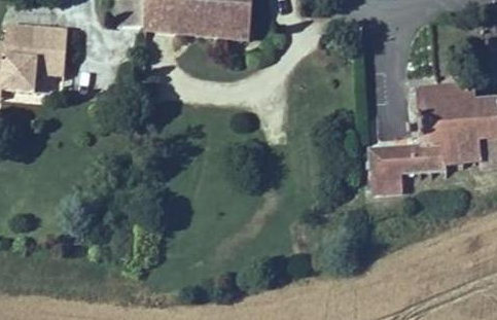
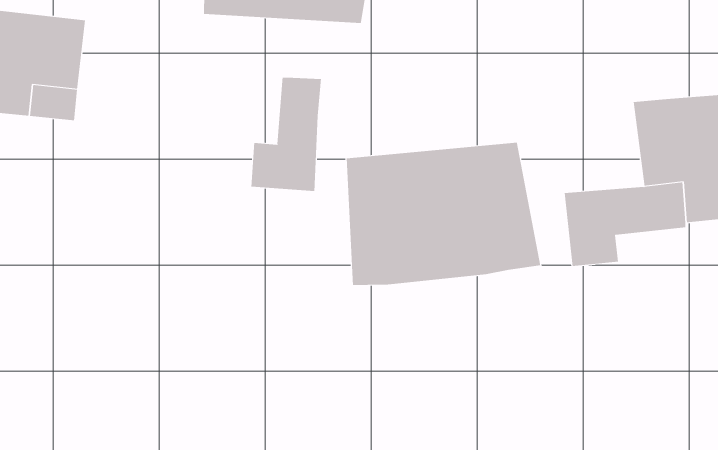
building: none -> [251,77,321,192]
building: none -> [346,142,541,286]

